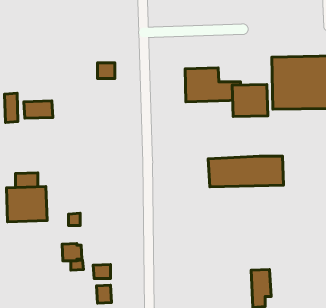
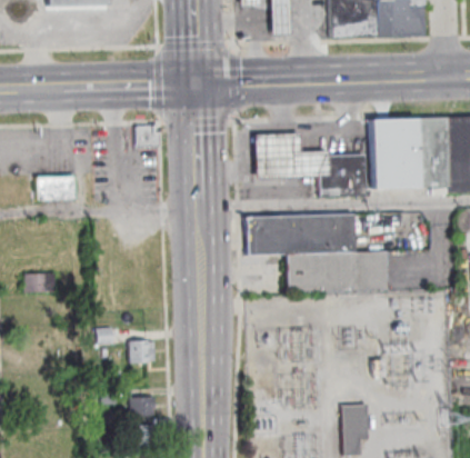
building: [5,93,18,123] -> none
building: none -> [246,215,354,256]
building: [6,187,47,222] -> none
building: [62,243,82,261] -> [129,340,156,364]

